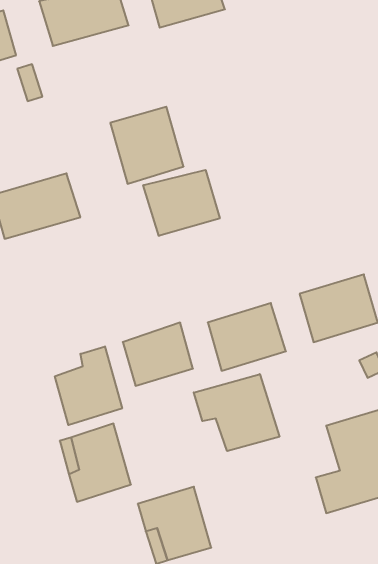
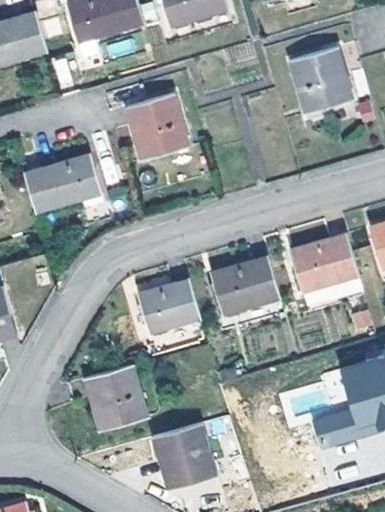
building: none -> [291,52,354,117]
building: [143,170,220,236] -> none
building: [55,346,122,425] -> none
building: [194,374,279,451] -> none

